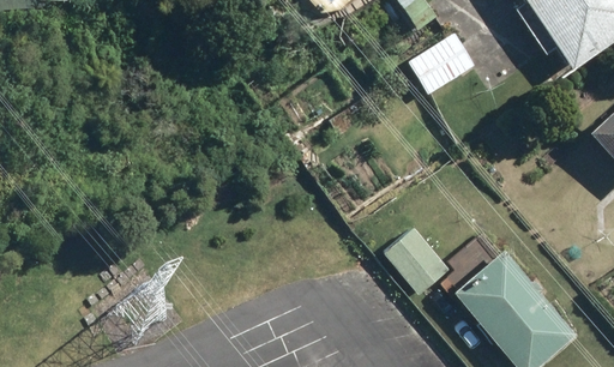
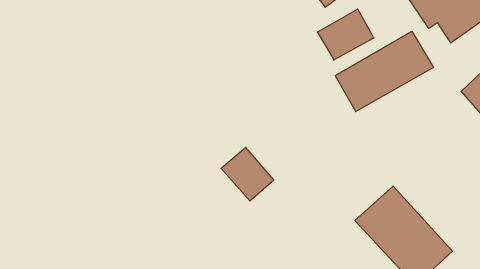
building: none -> [335,31,433,112]
building: [383,227,449,294] -> [221,147,274,201]

